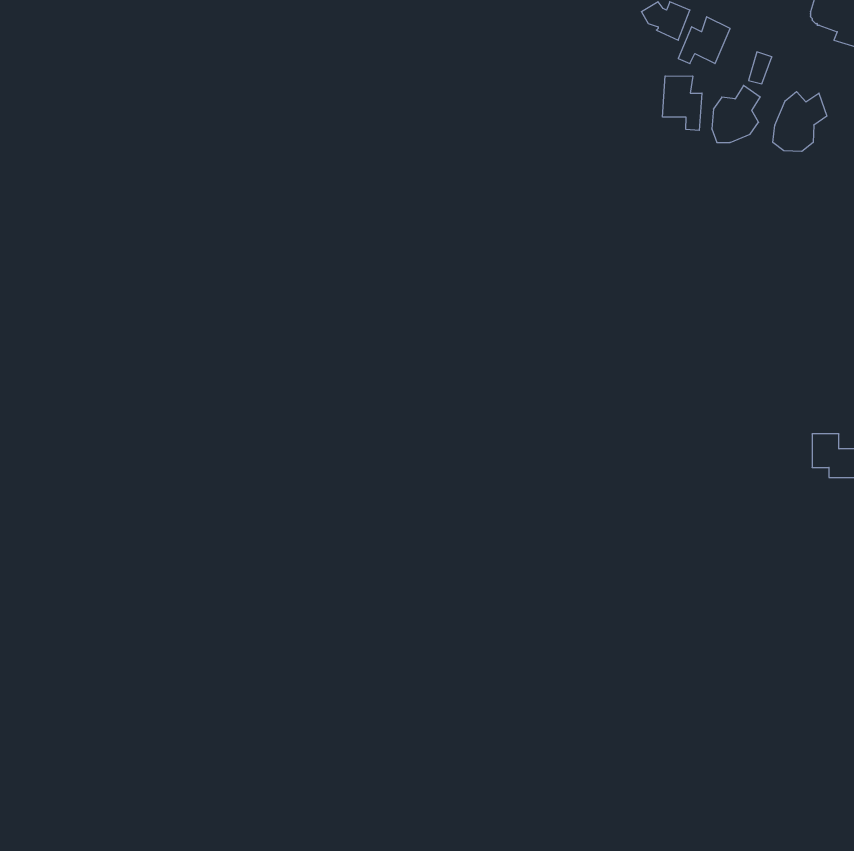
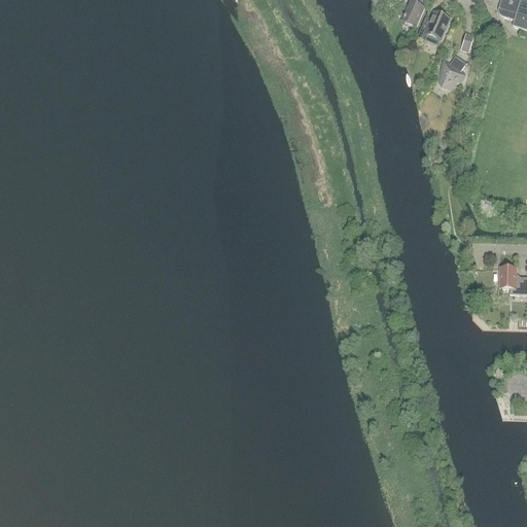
building: [663,76,702,130] -> none
building: [773,92,827,151] -> none

